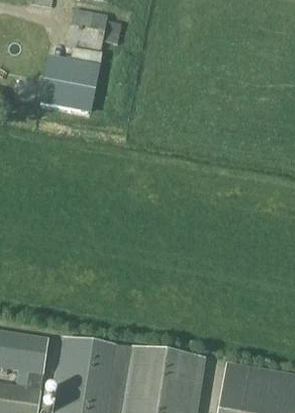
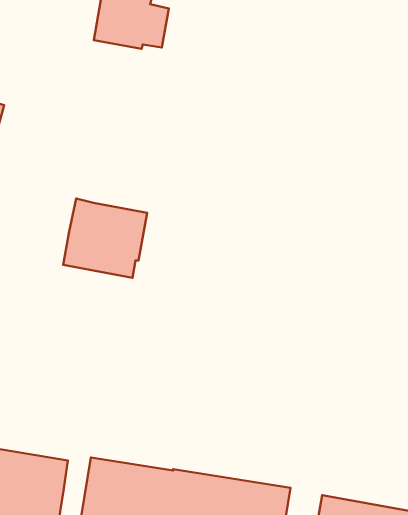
building: [39,57,98,112] -> [63,198,147,278]

